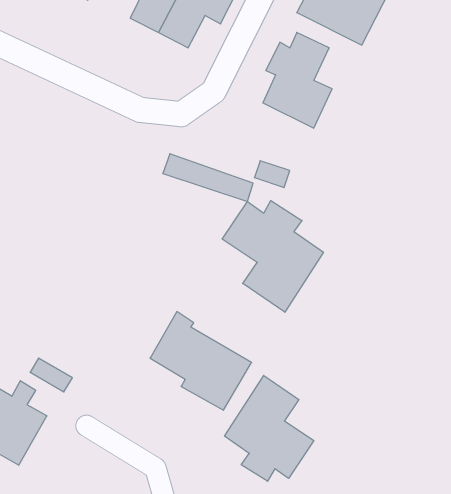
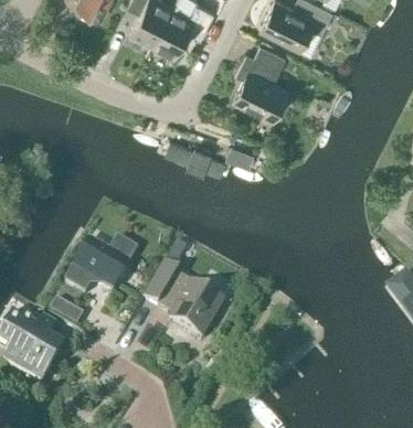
building: [222,201,323,312] -> none
building: none -> [64,239,135,293]
building: [225,375,314,481] -> none

